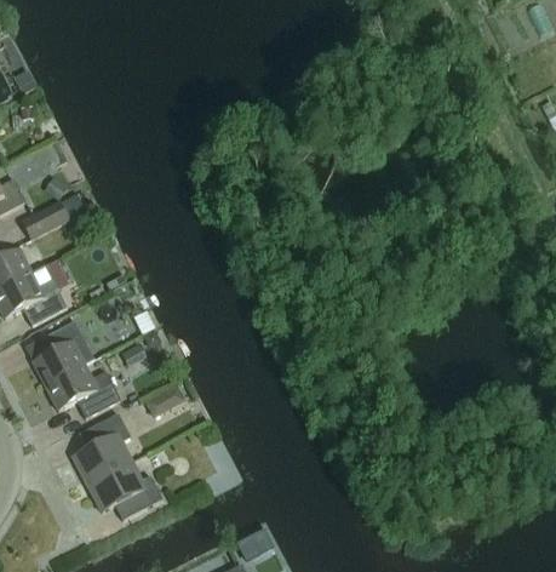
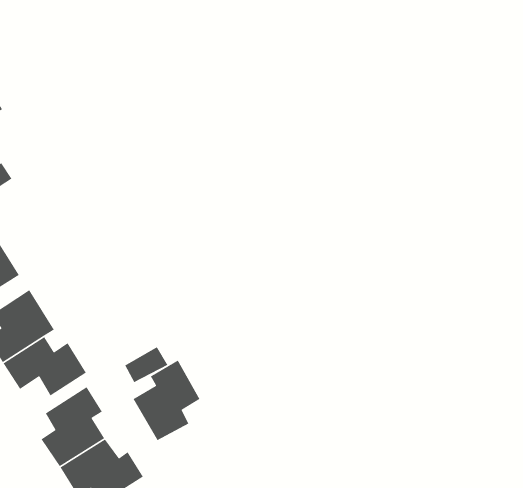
building: none -> [133,360,200,441]

